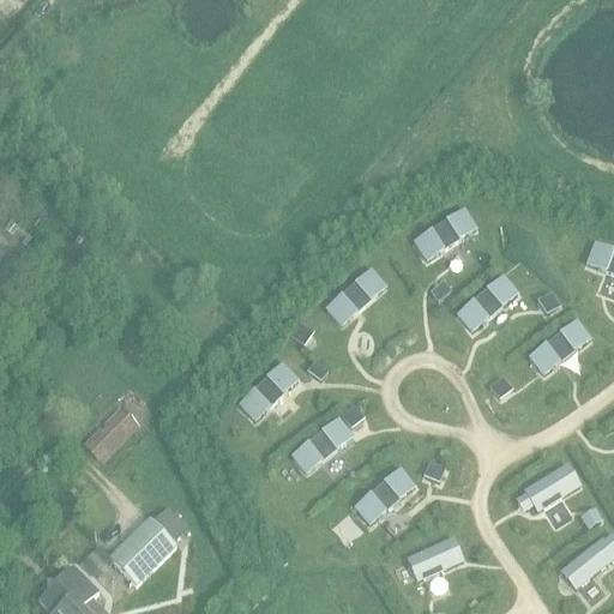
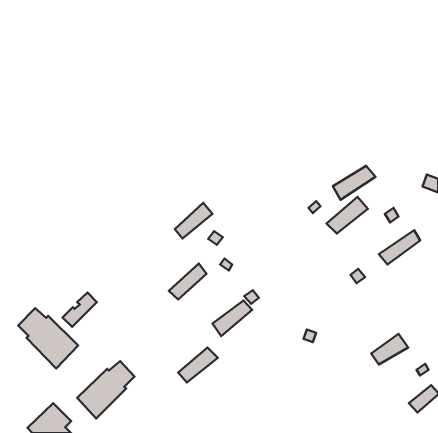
building: [415,211,475,259] -> [333,166,376,200]
building: [330,270,383,320] -> [175,203,212,239]
building: none -> [18,308,78,369]
building: [356,471,411,520] -> [178,348,218,383]
building: [410,542,459,574] -> none

